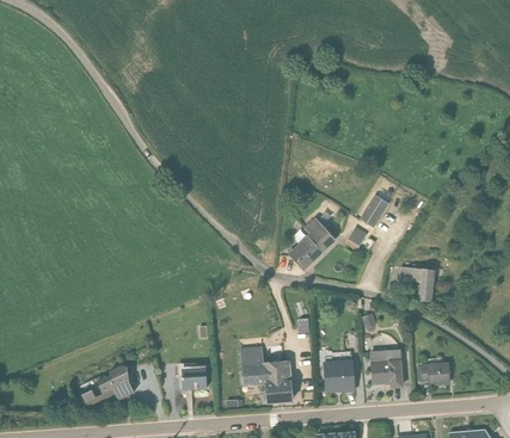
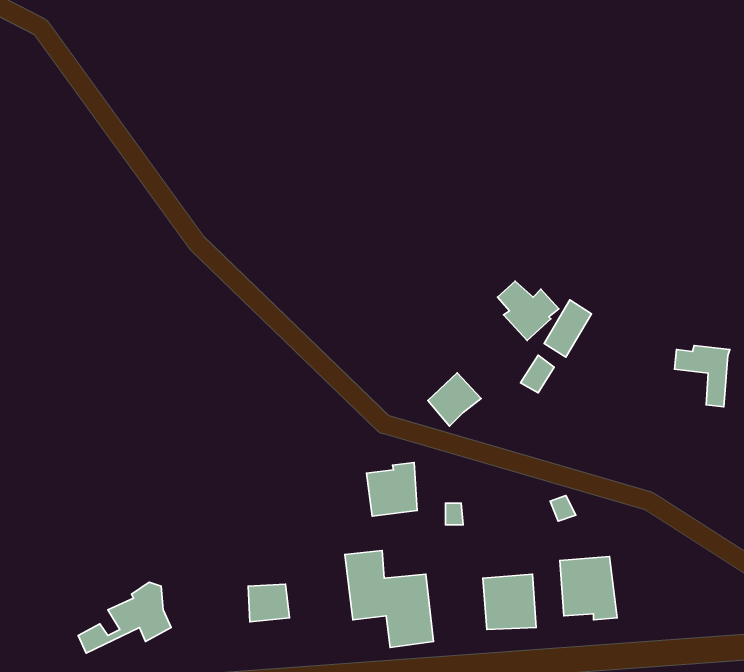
building: [303,217,340,253] -> [498,281,559,340]
building: [400,264,434,301] -> [675,346,730,407]
building: none -> [366,463,417,516]
building: [420,362,449,385] -> none

